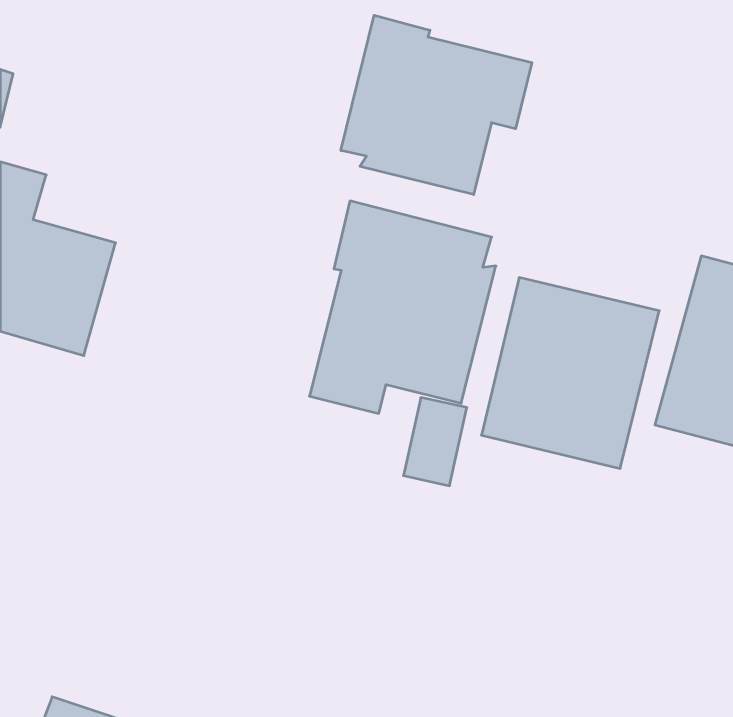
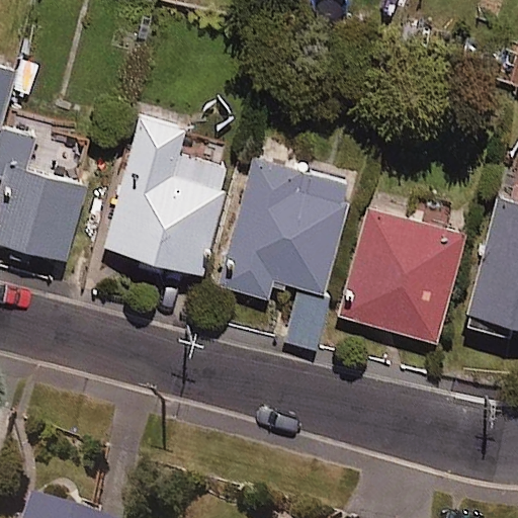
building: [341,15,532,195] -> none
building: none -> [103,111,225,273]

